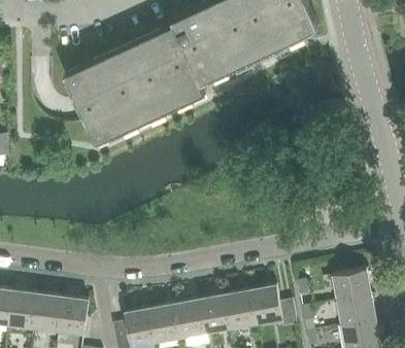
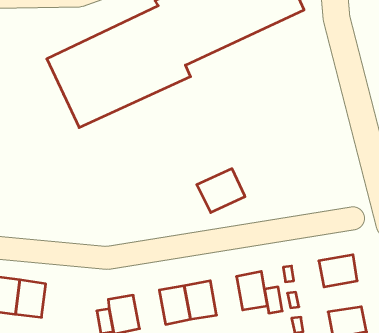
building: none -> [197,169,245,213]
building: [225,289,257,327] -> none
building: [337,293,374,324] -> none
building: [58,297,88,333] -> none
building: [148,303,180,341] -> none

